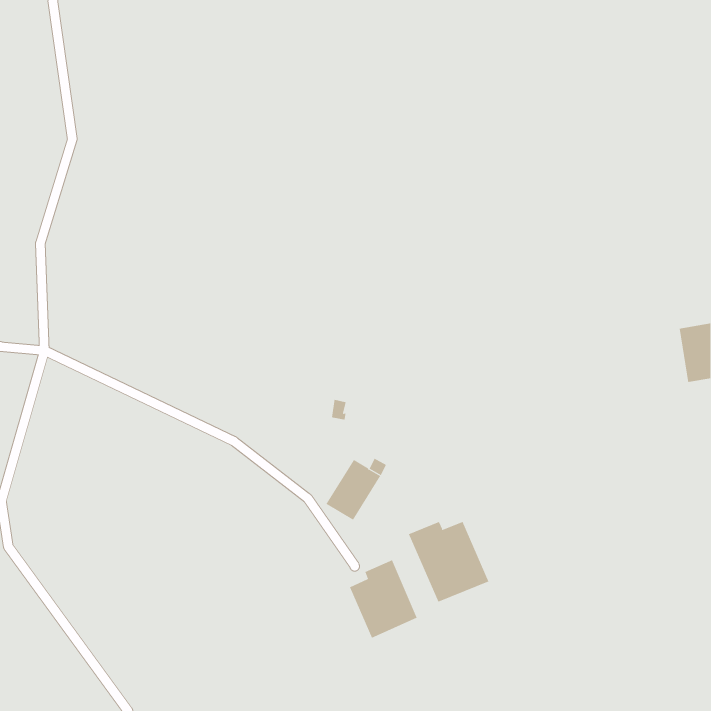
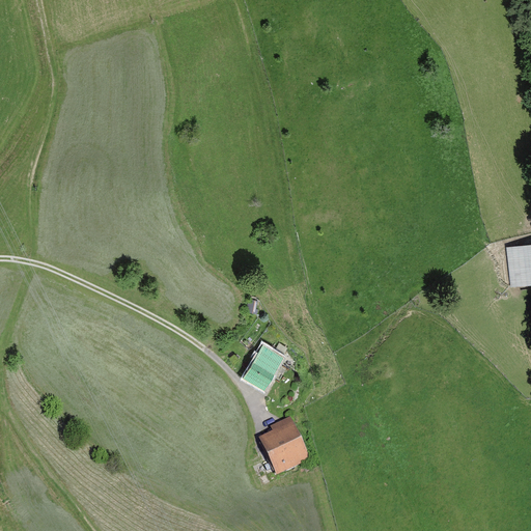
building: [408,521,489,603] -> none

